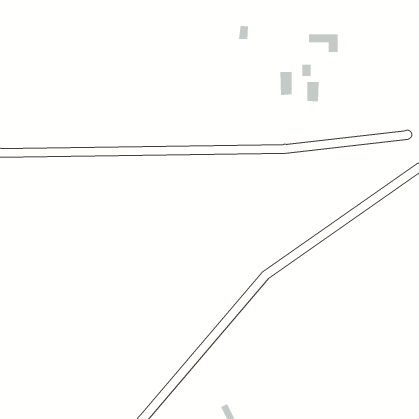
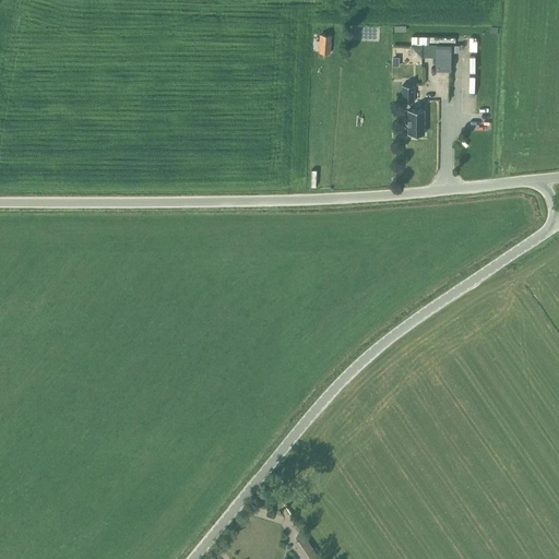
building: [280,71,292,96] -> none

